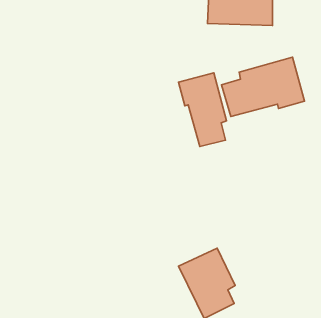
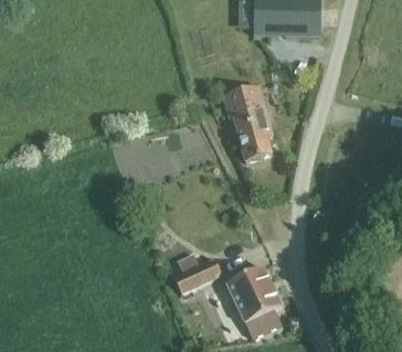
building: [222,57,304,116] -> none
building: none -> [171,253,220,292]

